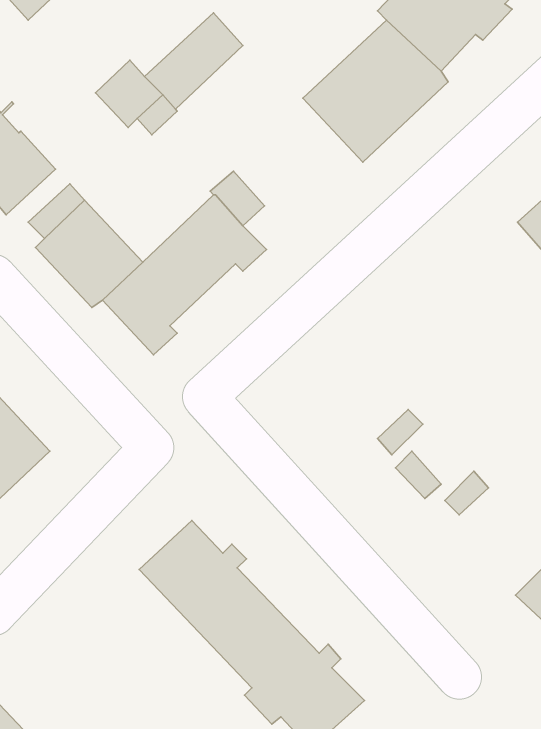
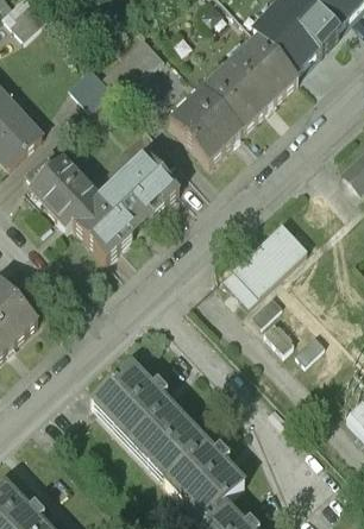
building: none -> [169,90,241,163]
building: none -> [222,223,306,304]

